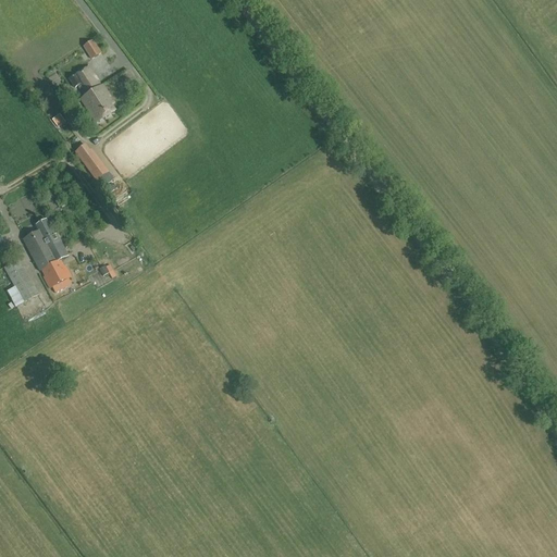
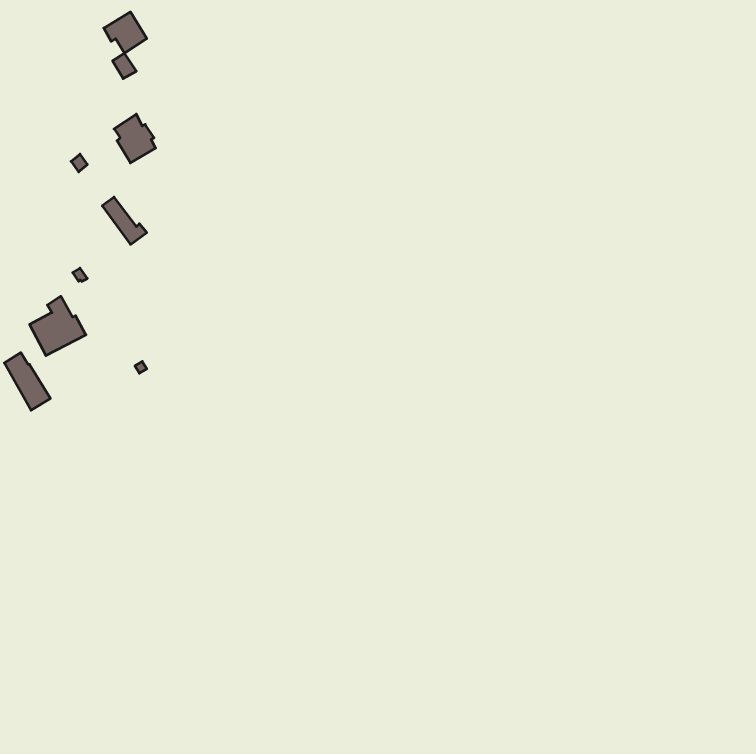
building: [69,64,100,95] -> [104,12,147,53]
building: [34,246,71,292] -> none

